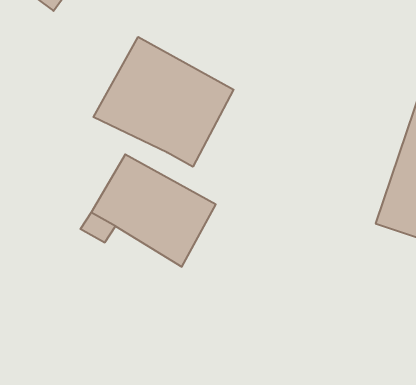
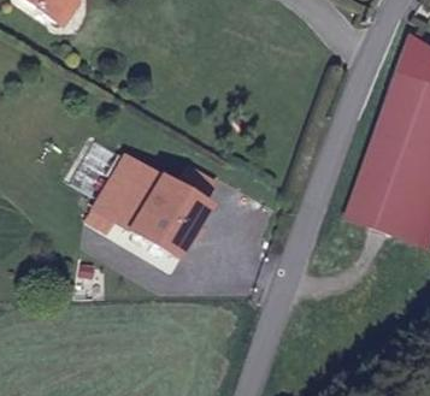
building: [93,37,234,167] -> none

